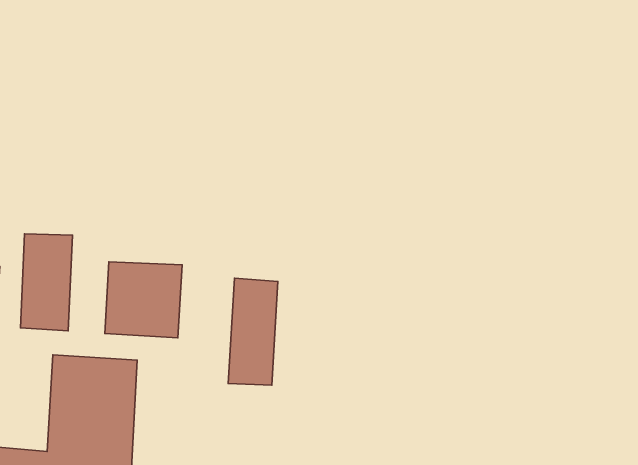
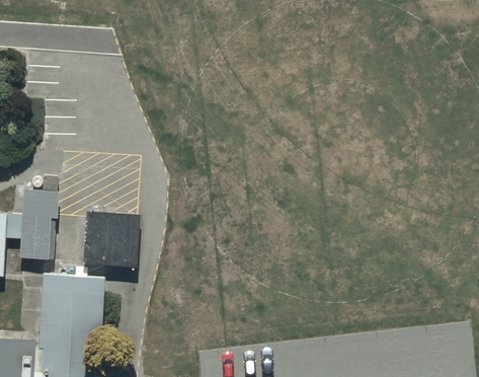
building: [228,278,278,385] -> none

